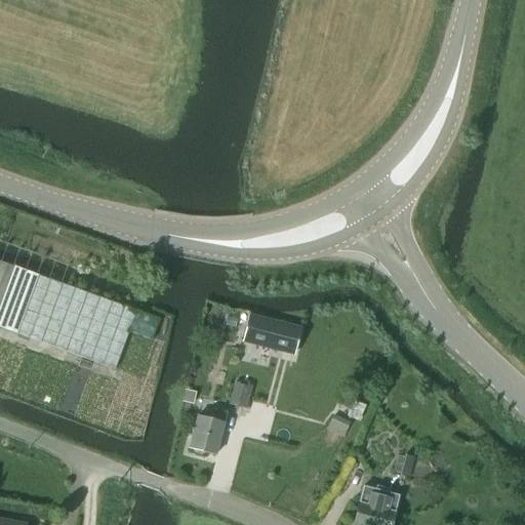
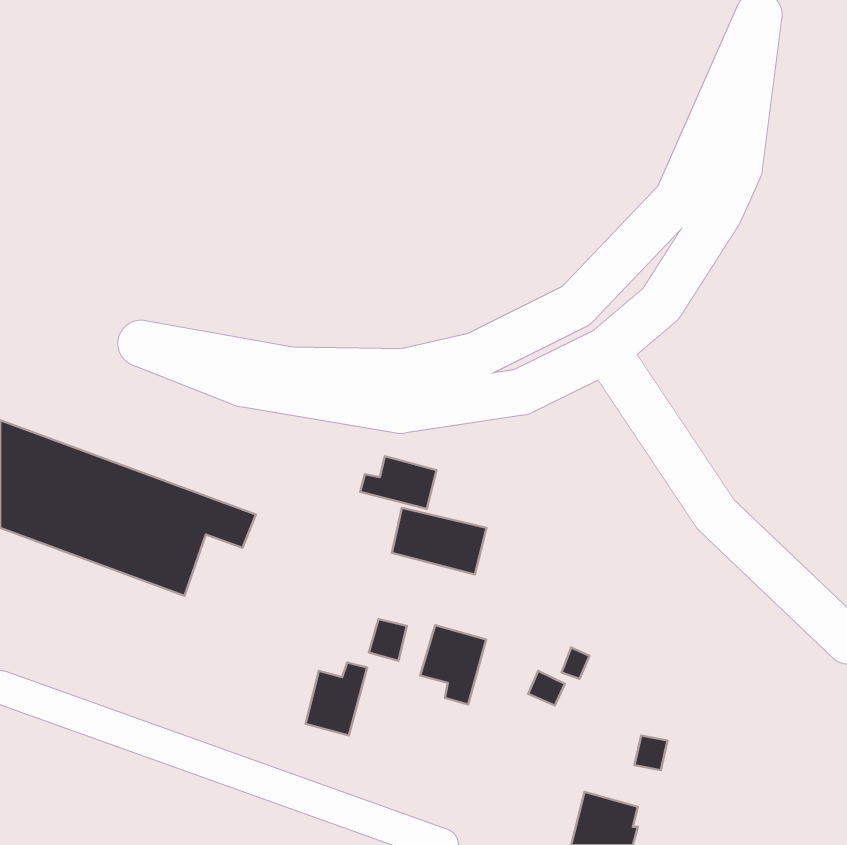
building: none -> [360,456,437,509]
building: none -> [420,625,486,705]

